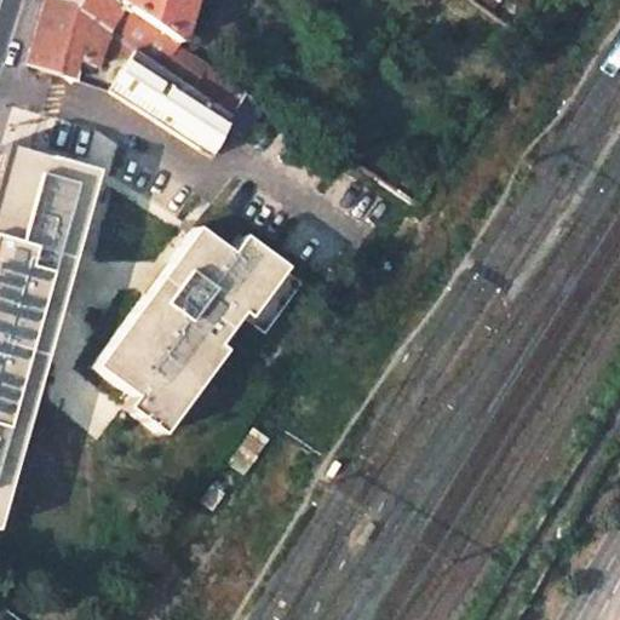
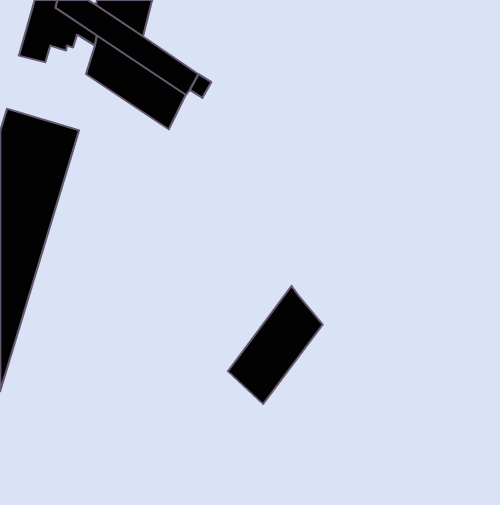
building: [98,236,286,438] -> none
building: none -> [228,286,323,404]

